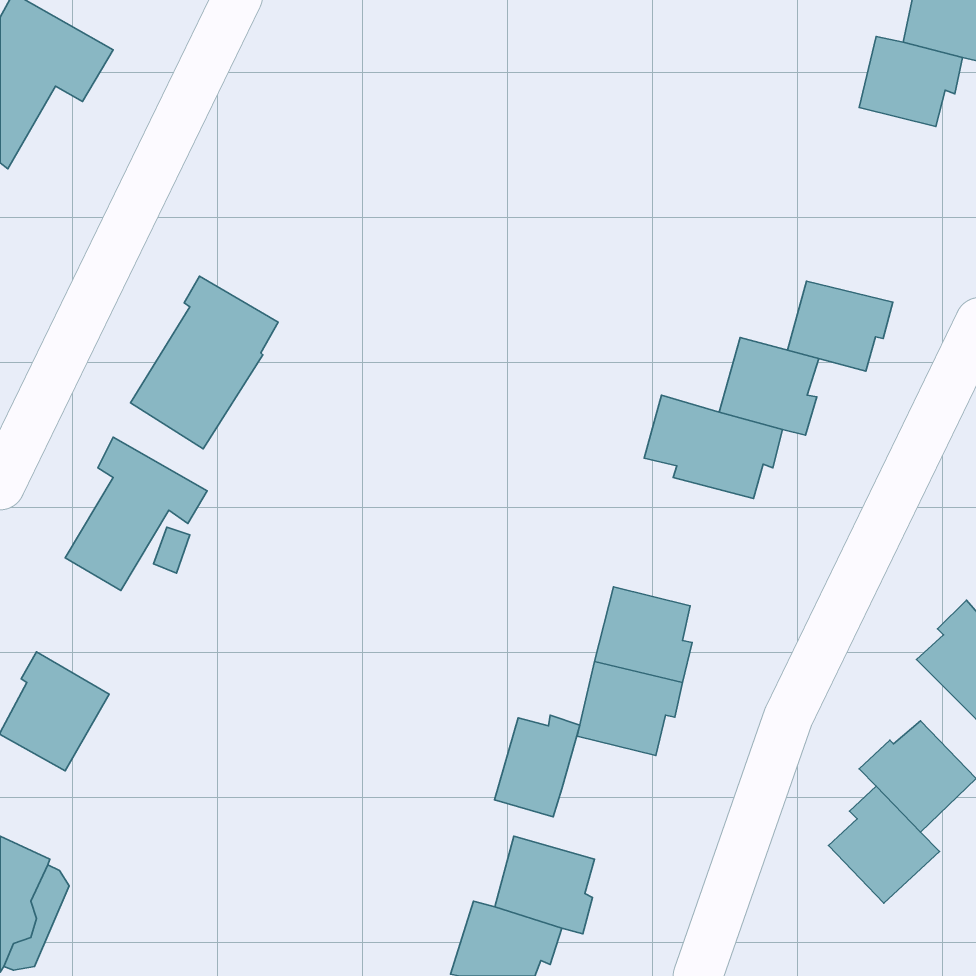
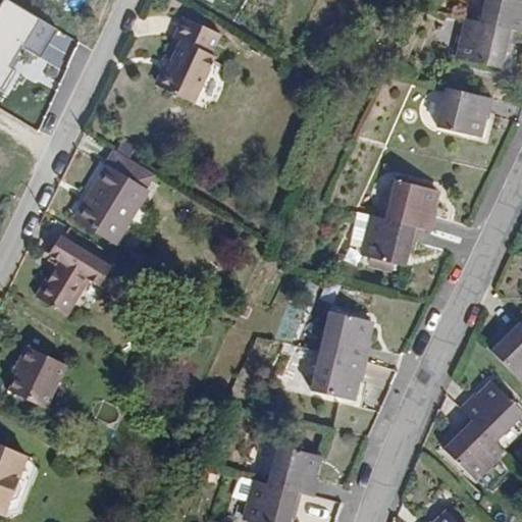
building: none -> [161,16,222,100]
building: [787,281,893,371] -> [437,89,493,137]
building: [495,715,580,817] -> none

